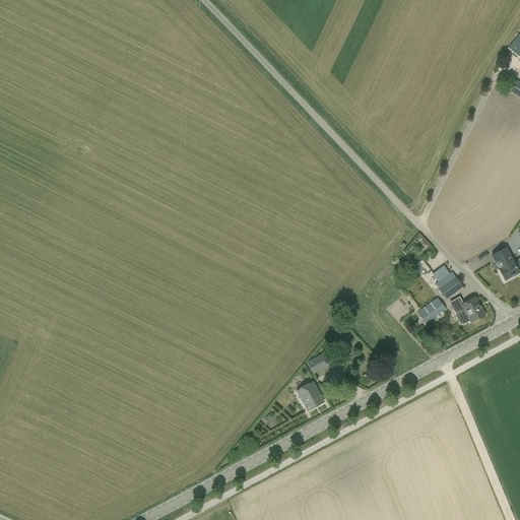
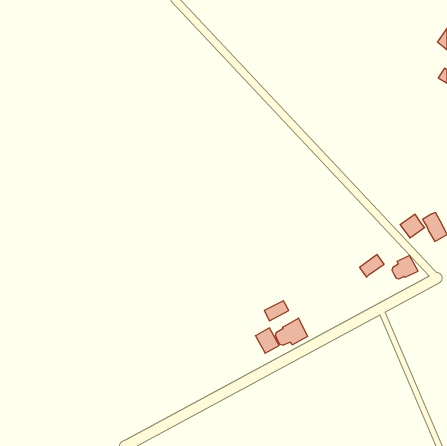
building: [435,271,463,299] -> [400,214,425,238]
building: none -> [275,318,307,345]

